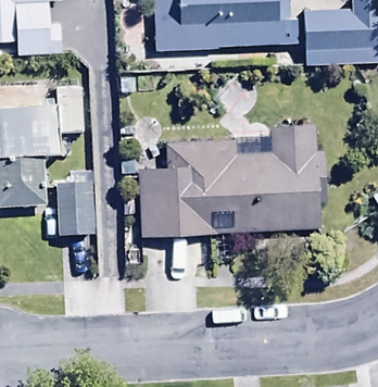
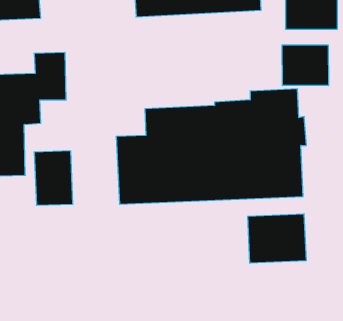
building: none -> [282,45,328,86]
building: none -> [248,214,306,263]

